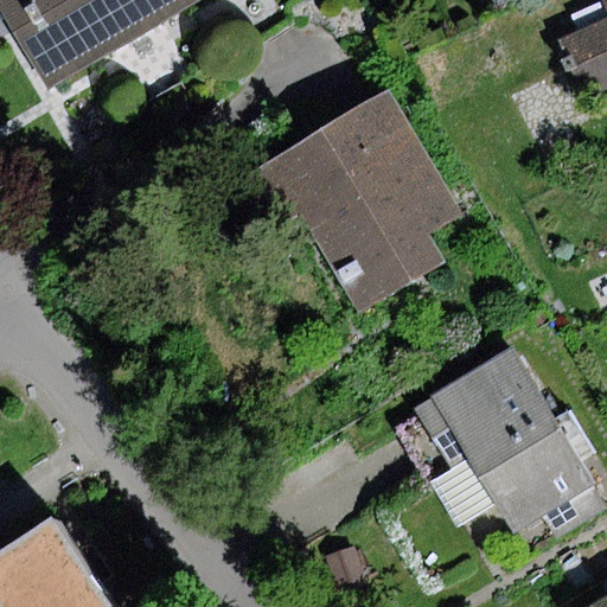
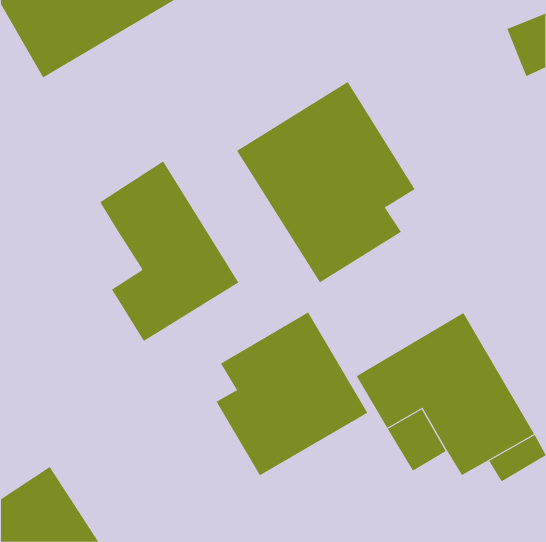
building: none -> [100,161,239,342]
building: none -> [216,311,368,476]

